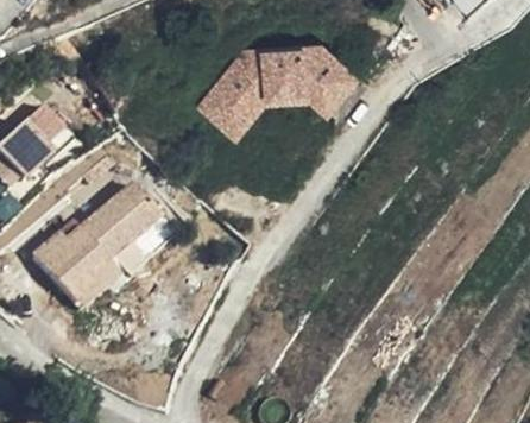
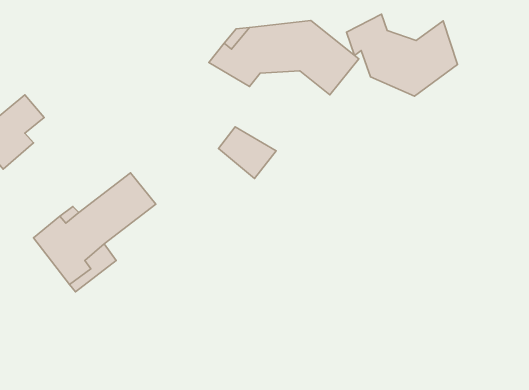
building: none -> [347,14,458,96]
building: [196,83,253,134] -> [218,127,276,179]

